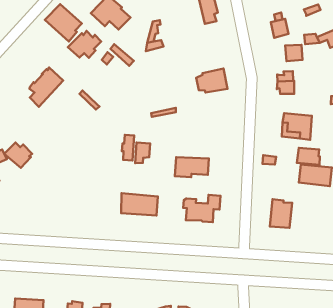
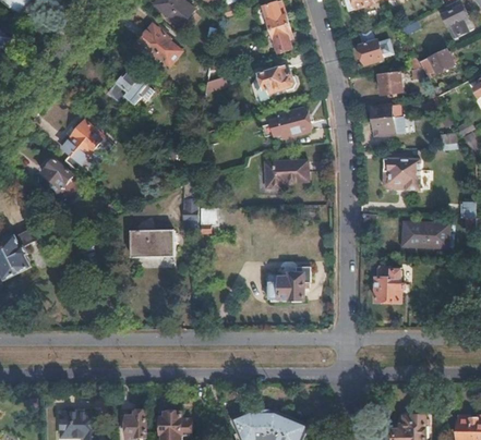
building: [45,4,82,41] -> none
building: none -> [256,64,297,96]
building: [4,142,32,168] -> [39,157,74,188]
building: [297,148,320,165] -> none
building: [175,157,209,177] -> [265,160,306,185]
building: [121,193,158,215] -> [128,230,173,255]

